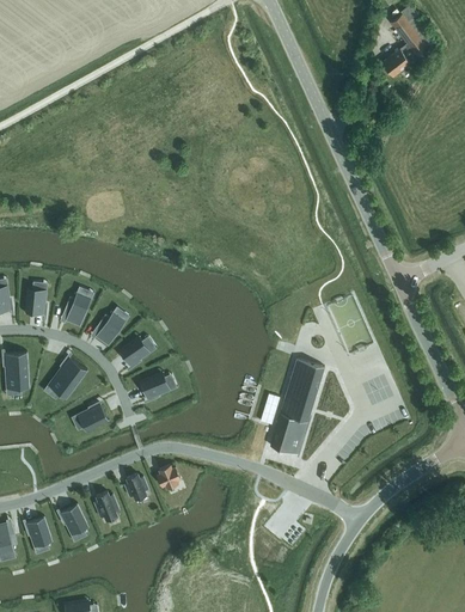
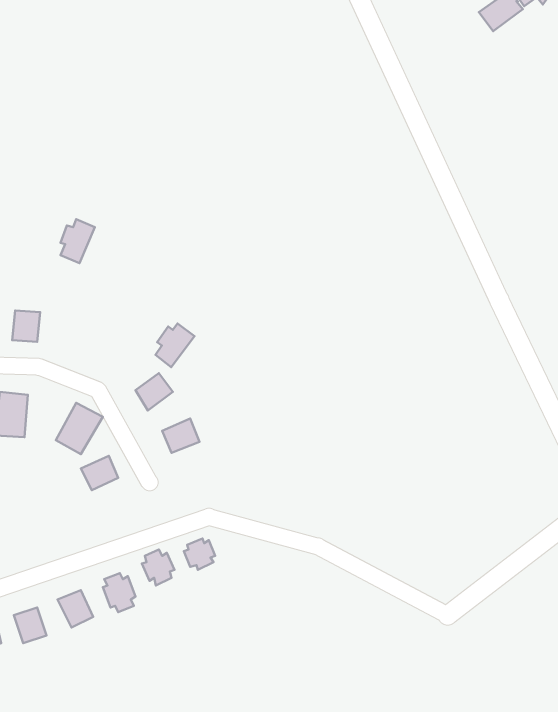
building: [65,292,91,325] -> [61,219,95,263]
building: [96,311,126,344] -> [156,324,195,367]
building: [270,359,324,454] -> none

